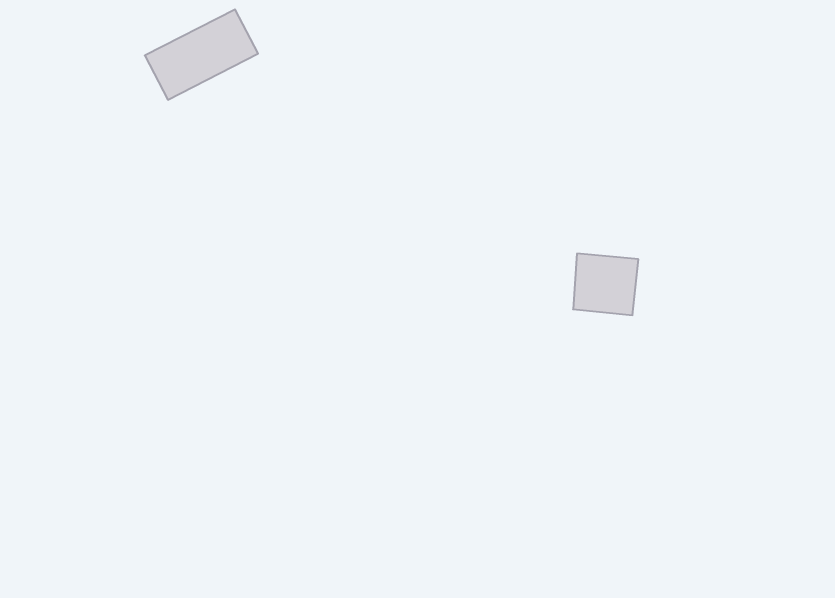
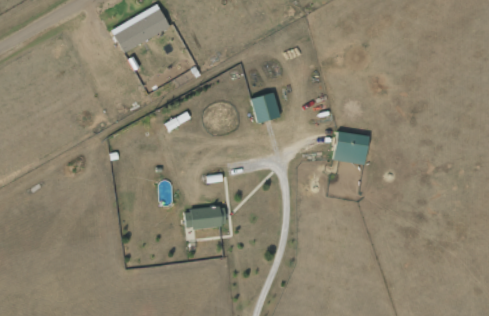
building: none -> [251,94,279,123]
building: none -> [185,208,226,229]

